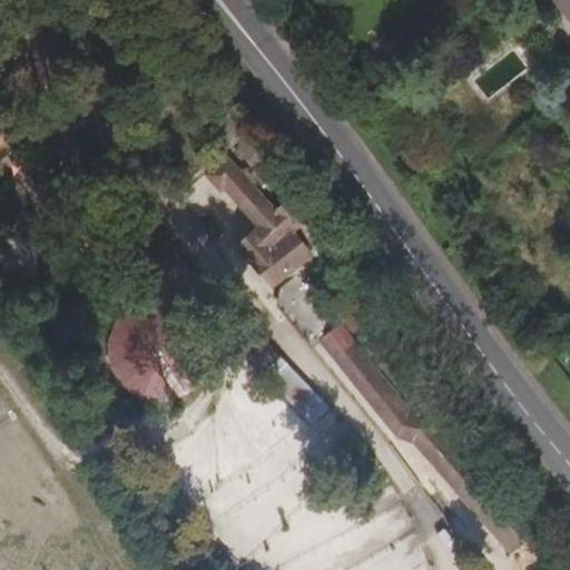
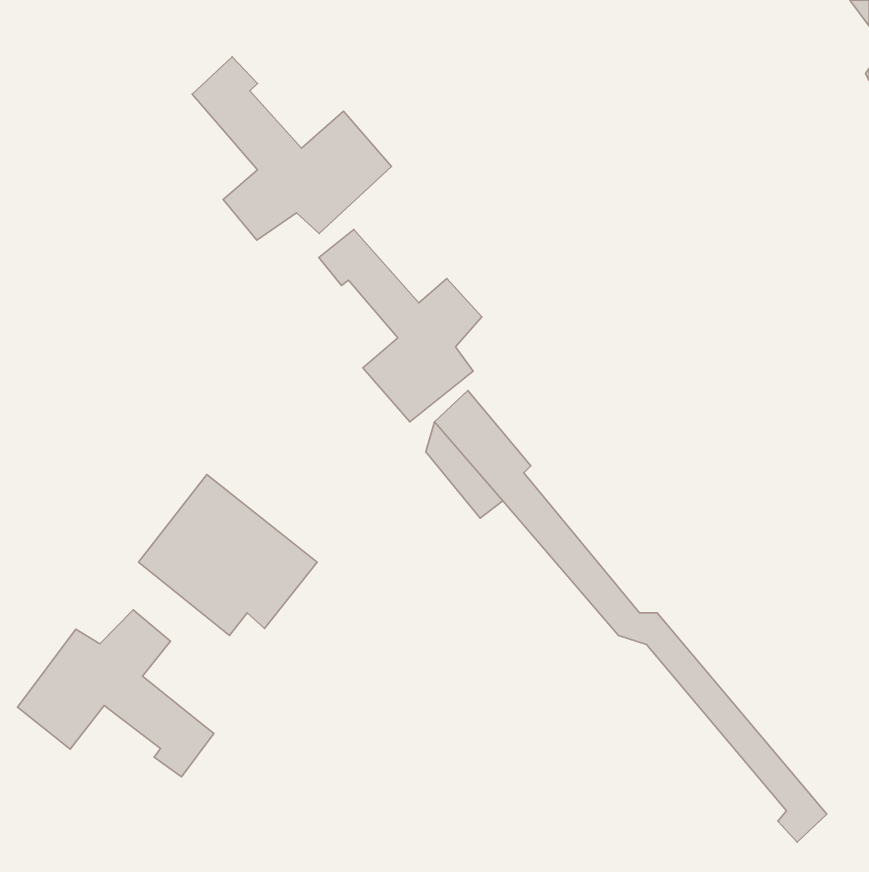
building: none -> [192,57,392,240]
building: none -> [18,610,214,777]

